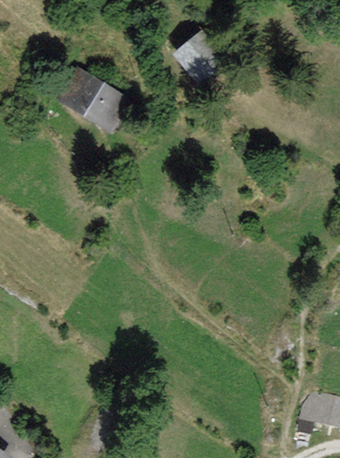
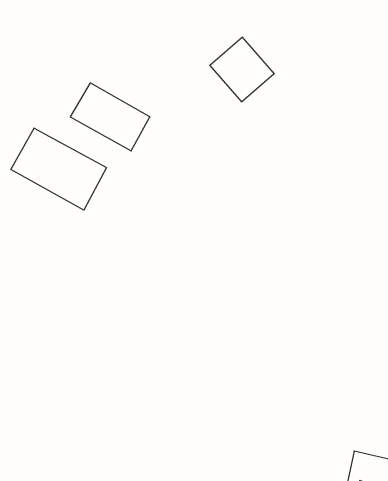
building: none -> [11,128,106,210]

